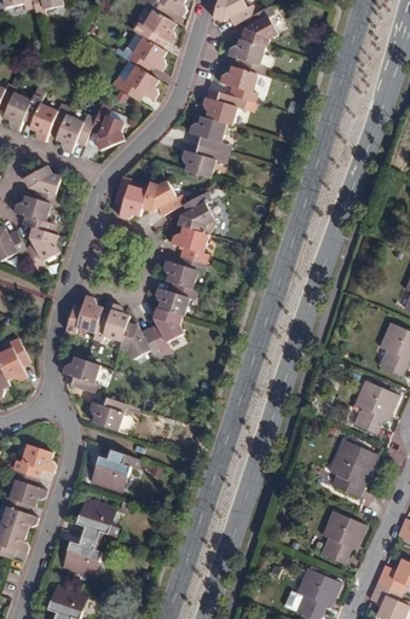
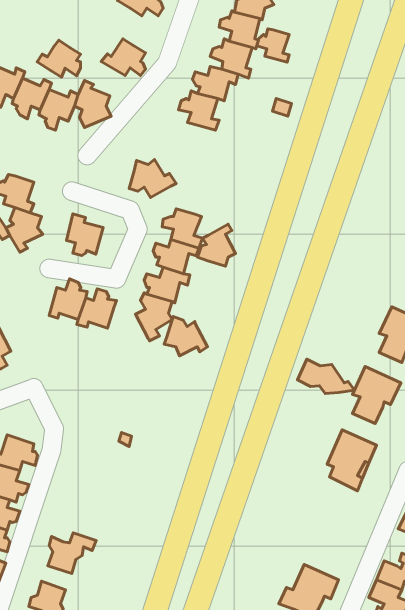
building: [122,36,163,71] -> [37,40,80,77]
building: none -> [257,29,289,62]
building: [181,145,224,179] -> none
building: [24,166,63,204] -> none
building: [111,178,146,218] -> [67,214,103,256]
building: [177,192,213,232] -> [198,224,236,266]
building: [119,322,160,359] -> [164,316,207,356]
building: [62,357,100,394] -> none
building: none -> [297,359,354,393]
building: [91,397,132,432] -> none
building: [92,450,139,488] -> none
building: [74,497,112,543] -> none
building: [323,508,366,560] -> none

